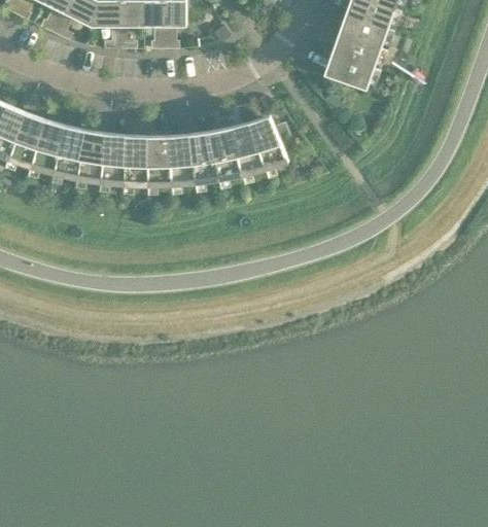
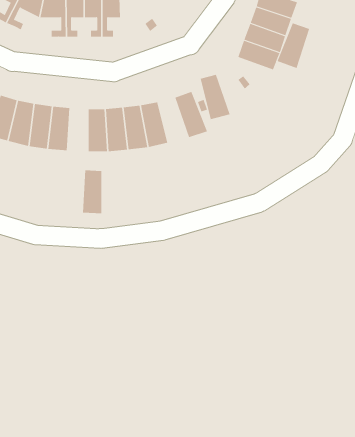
building: none -> [277,23,310,69]
building: [229,120,265,174] -> [200,74,230,120]
building: [123,133,146,184] -> [82,170,102,214]

